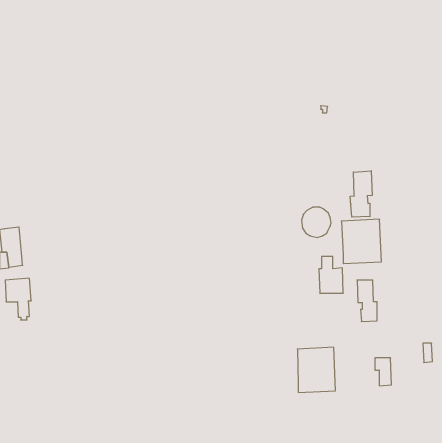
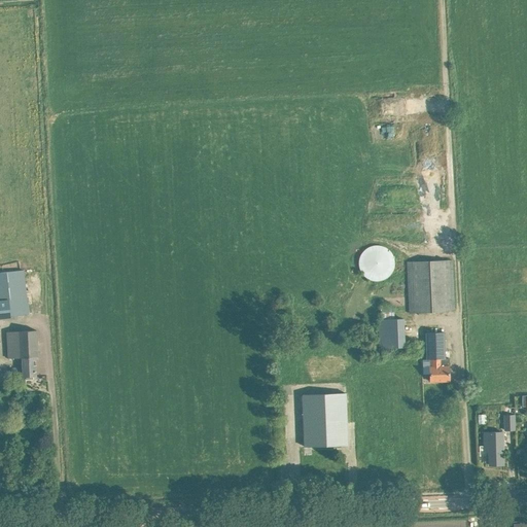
building: [350,171,372,217] -> none
building: [297,347,335,392] -> [302,393,347,447]
building: [375,358,391,386] -> [483,432,502,465]

